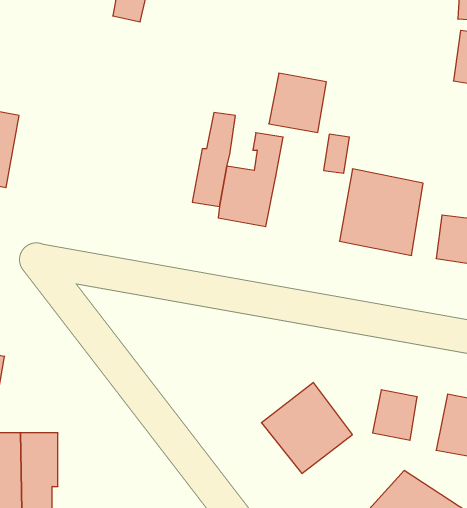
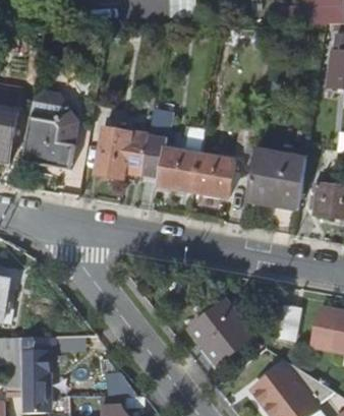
building: [269,73,326,132] -> [192,155,233,196]
building: none -> [21,88,77,168]
building: none -> [94,126,148,181]

